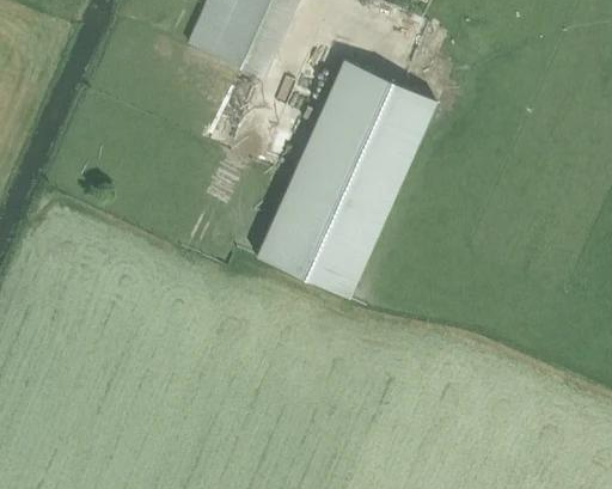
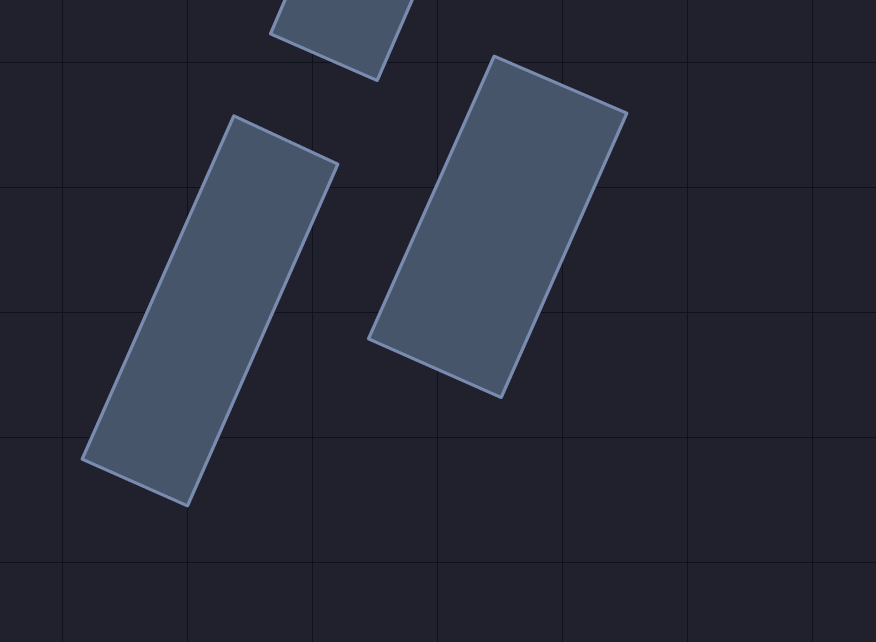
building: none -> [82,116,338,506]

